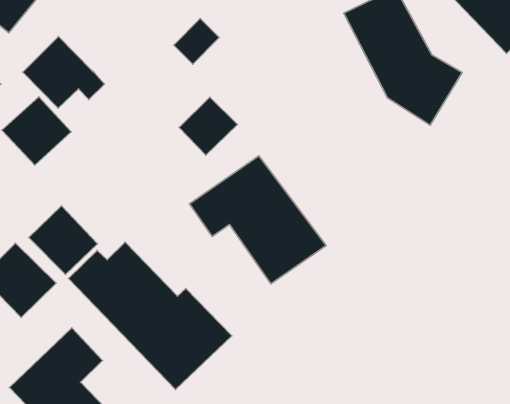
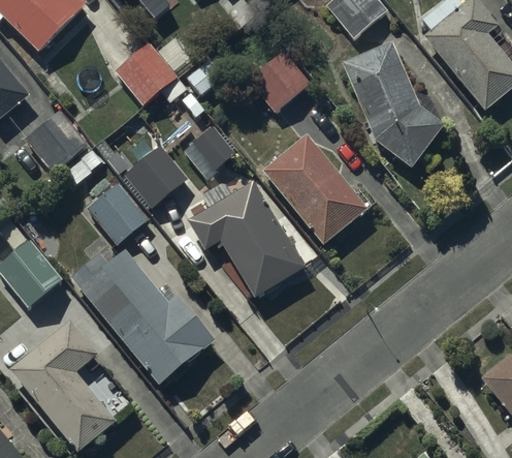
building: none -> [249,50,311,112]
building: [23,37,105,108] -> [115,41,187,105]
building: none -> [262,132,369,245]
building: none -> [125,145,189,208]
building: [29,206,97,275] -> [88,181,149,243]

